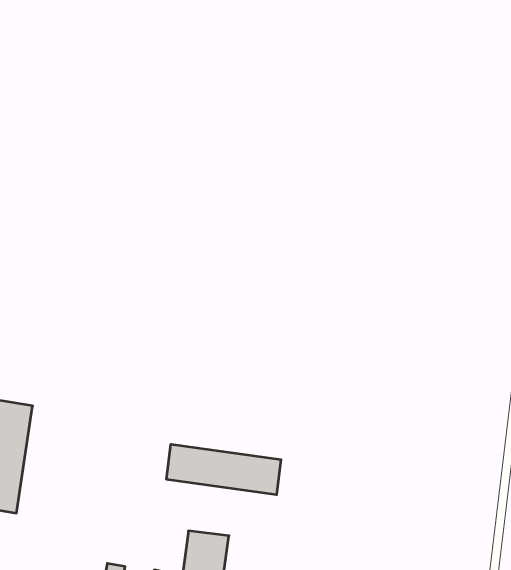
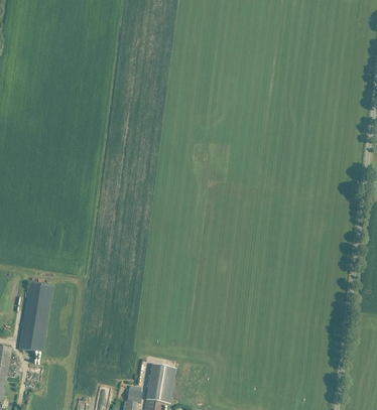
building: [167,444,281,495] -> none

